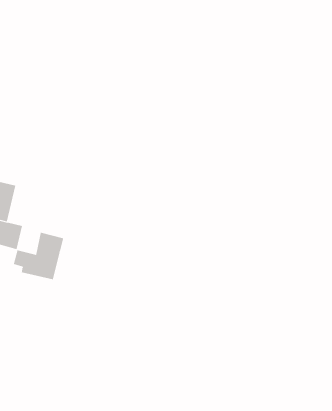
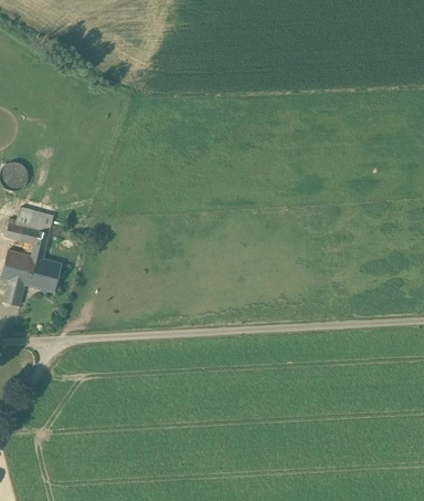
building: [13,232,64,280] -> none

